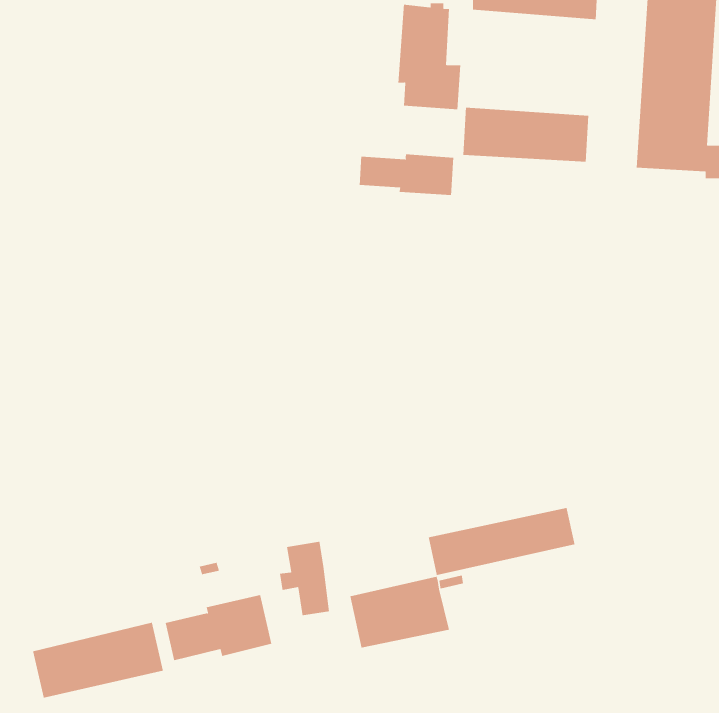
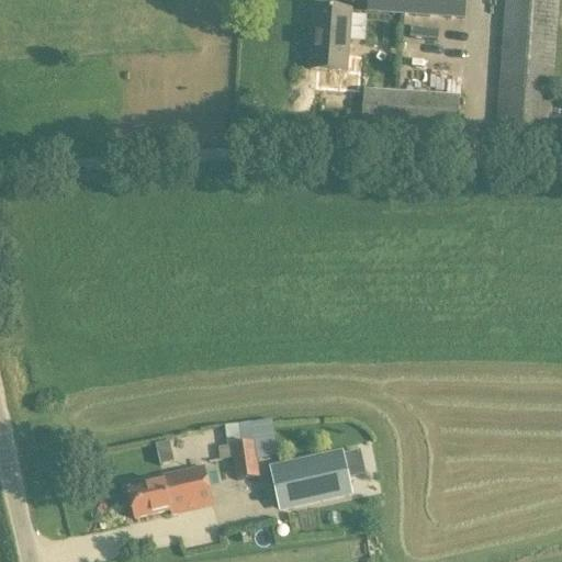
building: [359,153,454,196] -> none
building: [428,507,575,576] -> none
building: [33,622,163,699] -> none

